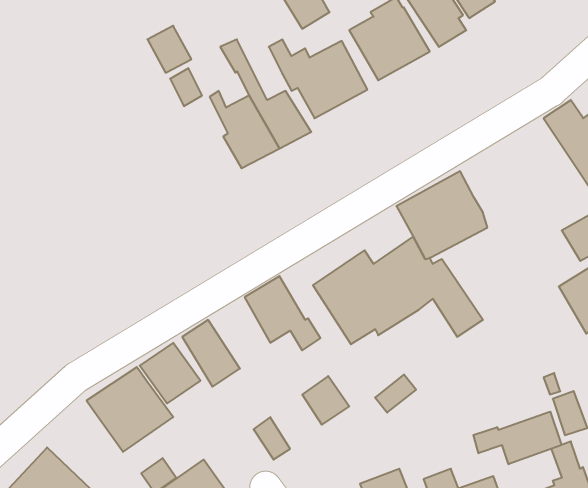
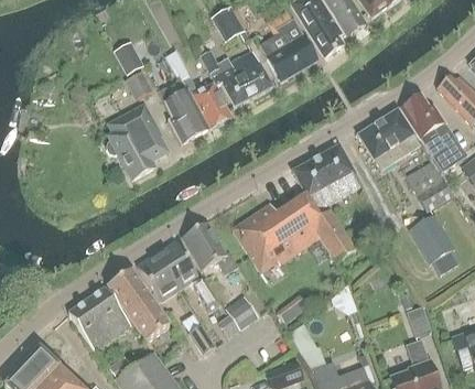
building: none -> [107,102,168,177]
building: none -> [358,108,419,168]
building: none -> [156,239,220,310]
building: none -> [127,296,170,341]
building: [473,412,561,464] -> none

